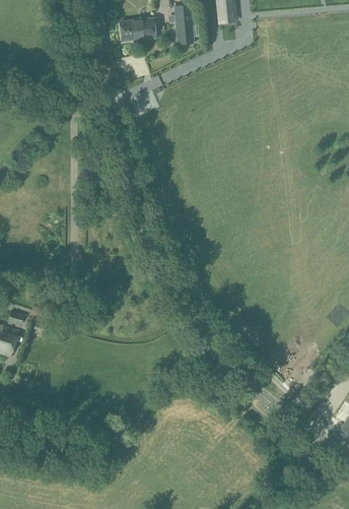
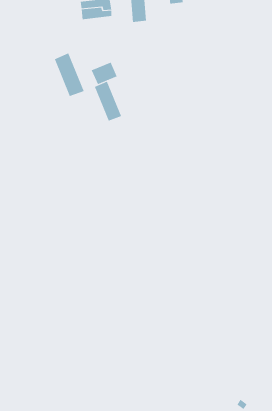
building: none -> [54,52,84,97]
building: none -> [94,81,122,121]

